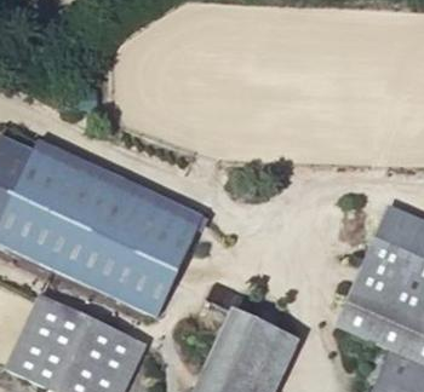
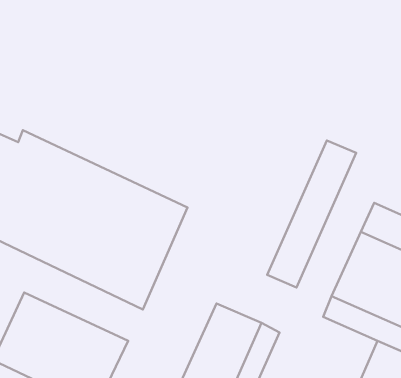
building: none -> [267,140,356,287]

